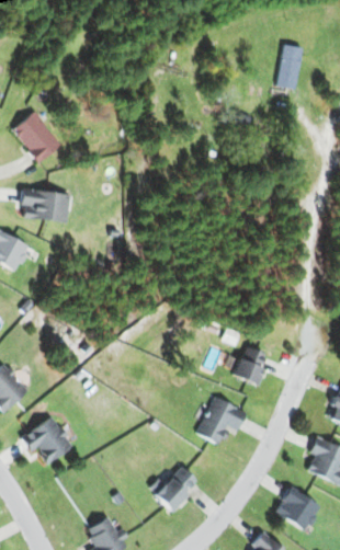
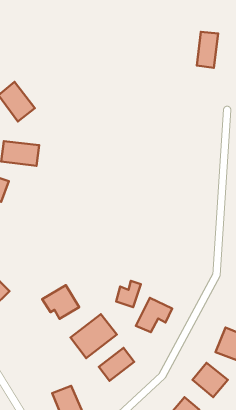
building: [230,350,263,385] -> [116,281,141,307]
building: [22,416,71,461] -> [42,285,79,319]
building: none -> [70,314,117,358]

